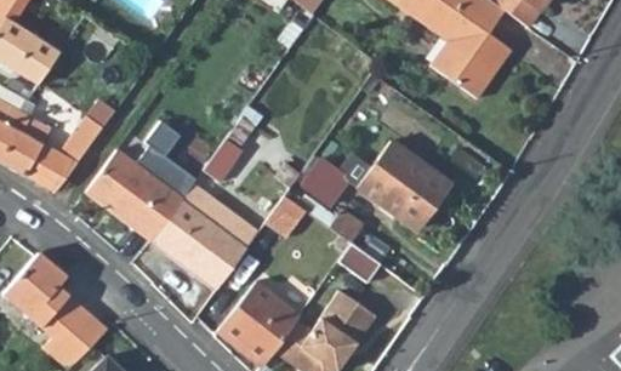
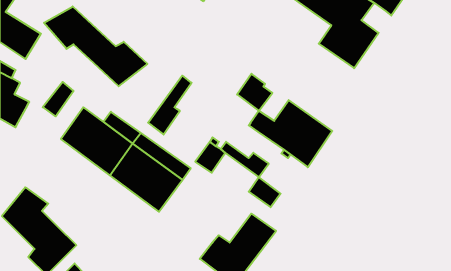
building: none -> [44,6,147,86]
building: [27,147,73,194] -> none
building: [302,156,349,206] -> [237,74,272,111]
building: [220,286,297,363] -> none

